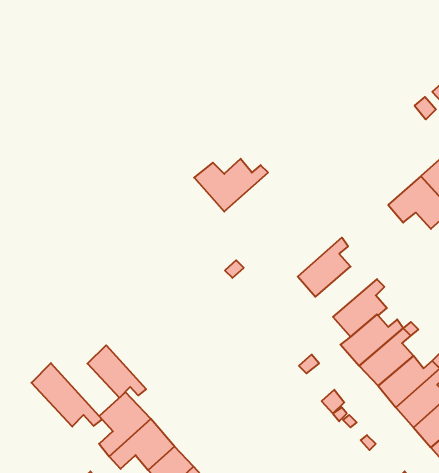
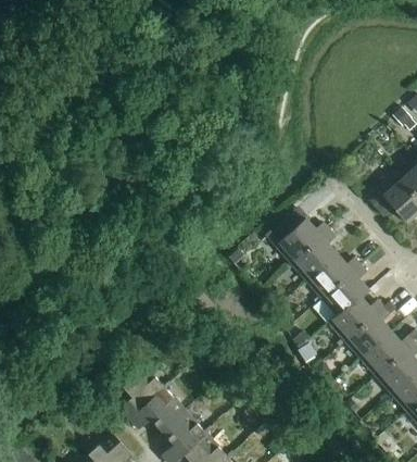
building: [194,159,268,212] -> [267,218,331,264]
building: none -> [308,255,362,299]
building: [87,345,146,398] -> none
building: [31,363,102,427] -> none

